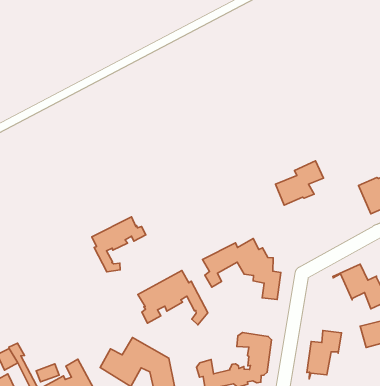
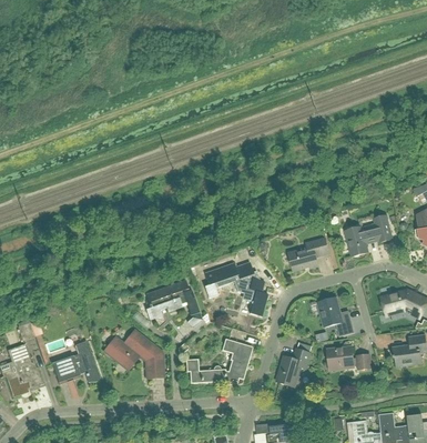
building: [276,161,323,205] -> [287,238,328,271]
building: [92,217,146,272] -> none

